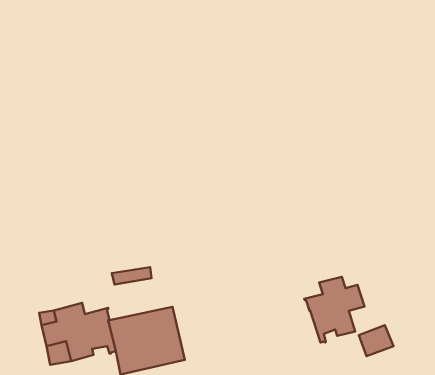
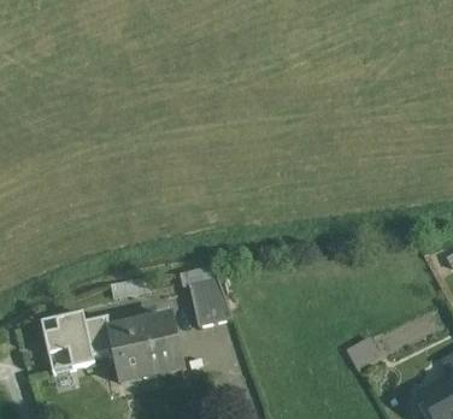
building: none -> [189,276,233,324]
building: [304,277,364,343] -> none

